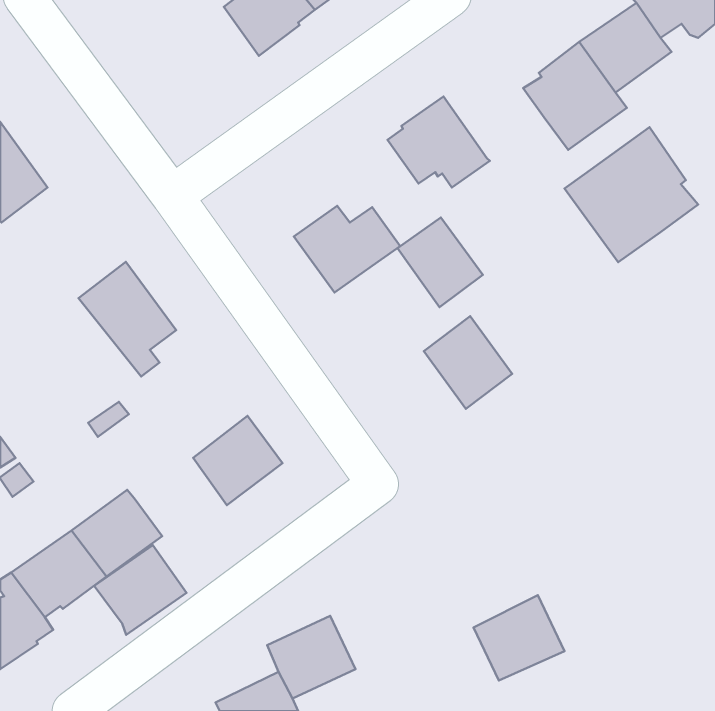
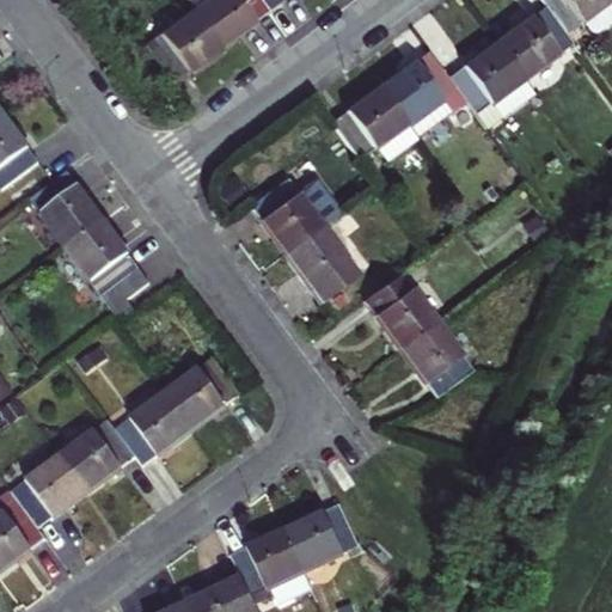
building: none -> [145,6,221,81]
building: none -> [379,49,465,135]
building: [564,127,698,262] -> none
building: none -> [30,170,108,255]
building: [397,218,483,307] -> [286,224,359,300]
building: none -> [398,319,475,398]
building: [94,545,186,635] -> [115,391,194,467]
building: [474,595,565,681] -> [282,498,360,571]

